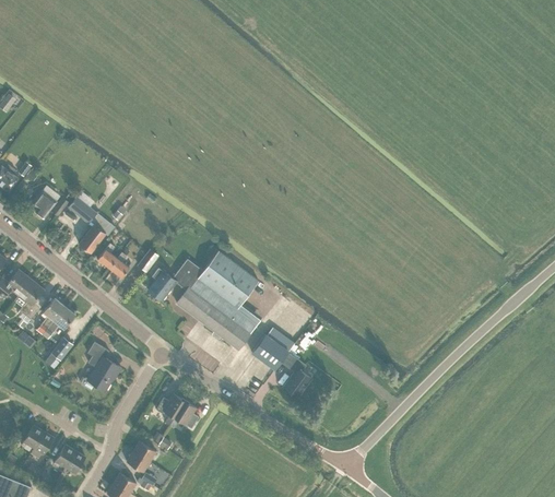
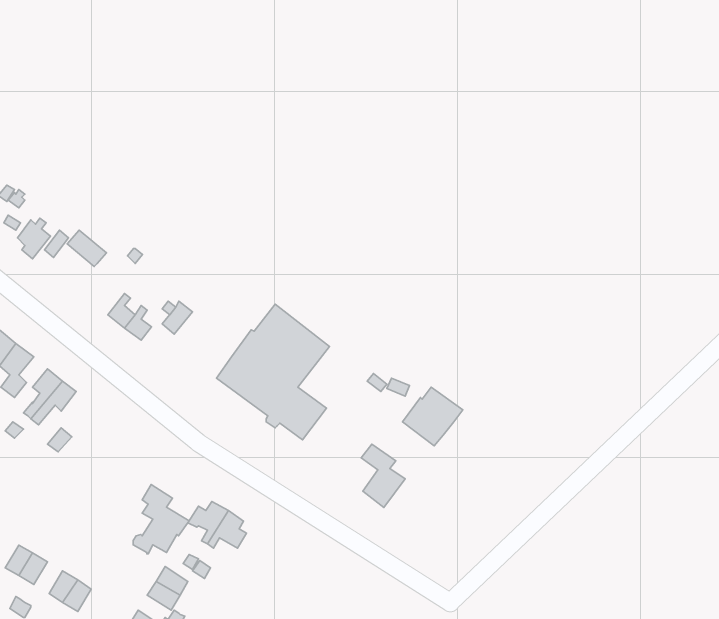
building: [79,213,113,252] -> none
building: [147,258,201,300] -> none
building: [251,327,295,369] -> [402,387,463,446]
building: [81,341,121,391] -> [133,485,189,554]

